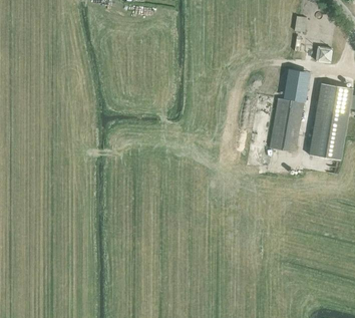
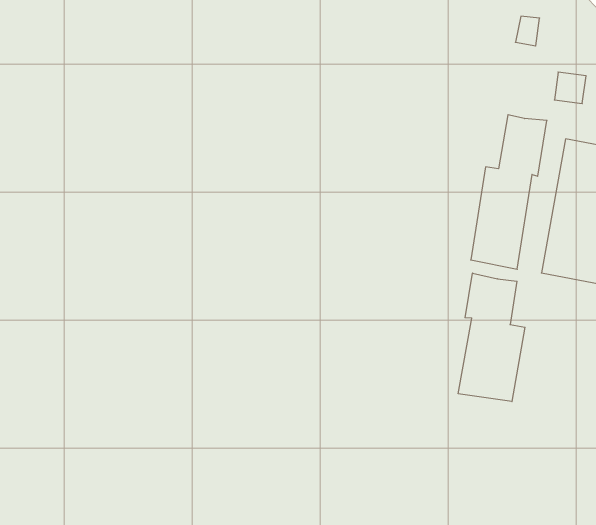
building: none -> [458,273,525,402]

